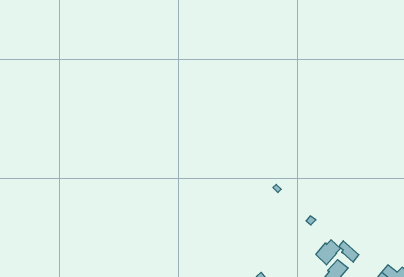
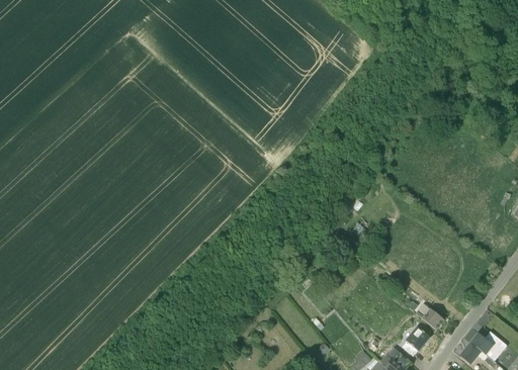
building: [316,240,340,265] -> none

